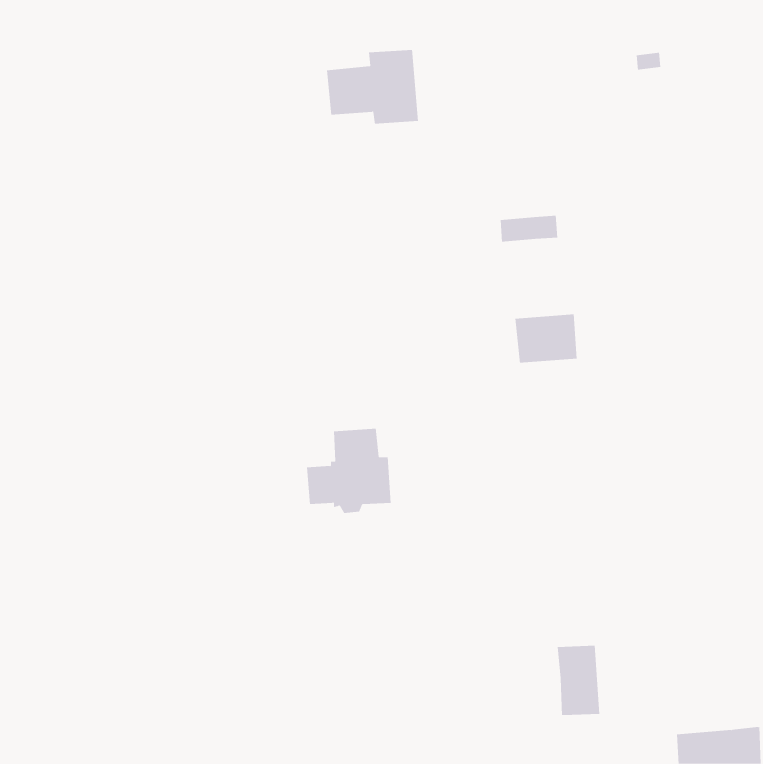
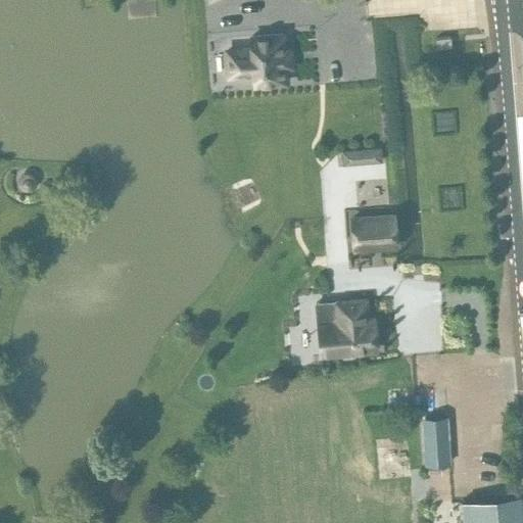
building: [306,428,391,513] -> [318,299,376,358]
building: [557,645,600,716] -> [421,417,450,465]

